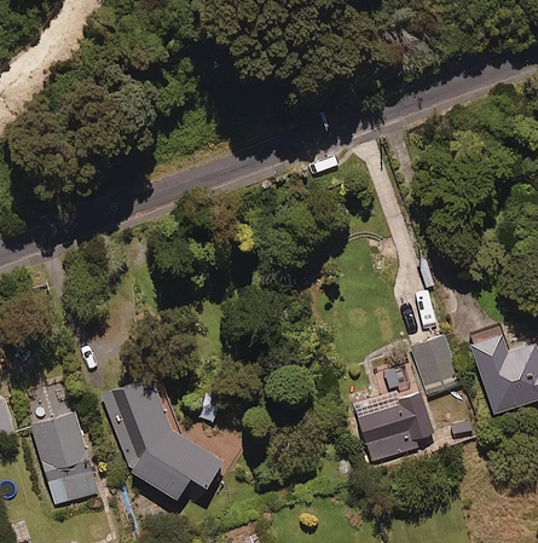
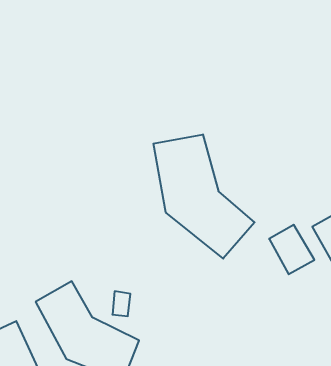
building: none -> [153,134,255,259]
building: [348,371,432,470] -> none

